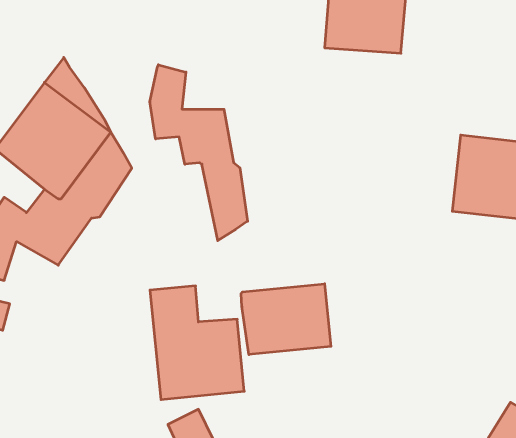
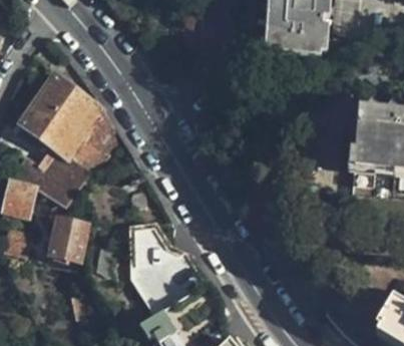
building: [150,65,248,241] -> none
building: none -> [50,218,85,260]
building: [241,284,331,355] -> none

